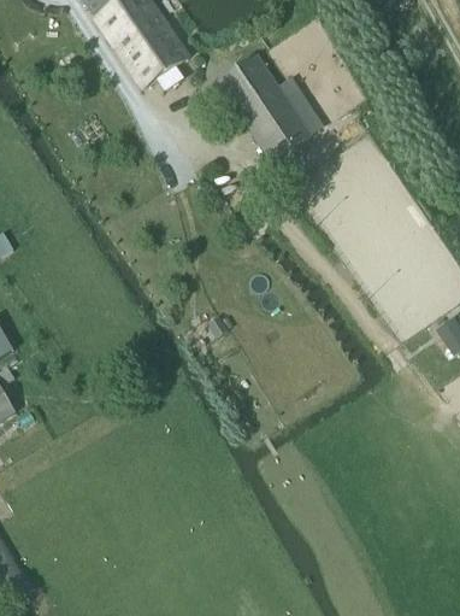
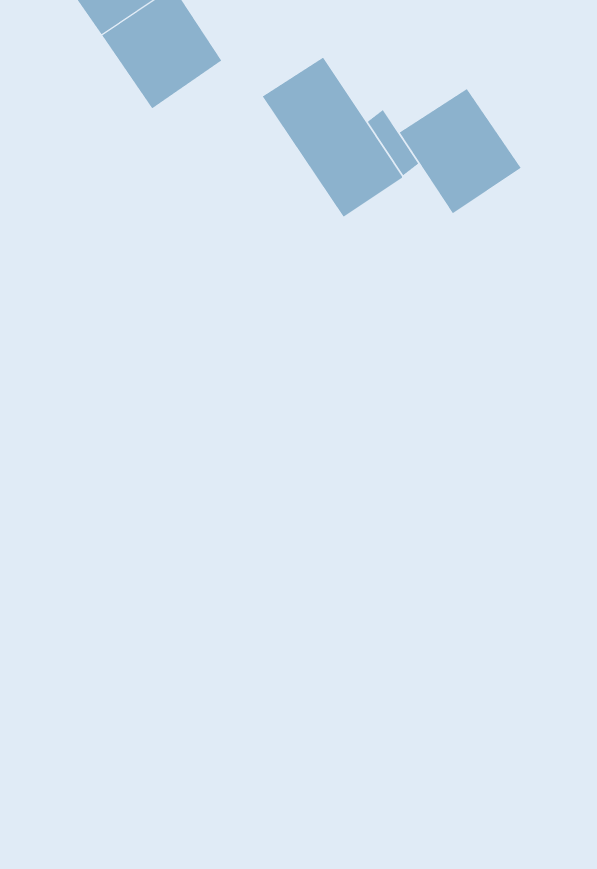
building: none -> [399,88,522,214]

